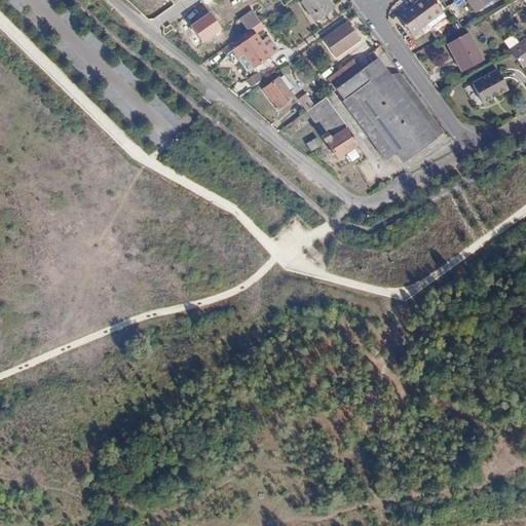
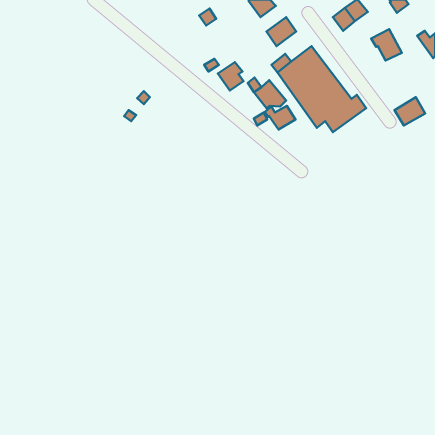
building: [190,11,222,42] -> none
building: [237,32,271,70] -> none
building: [473,73,510,107] -> [395,97,425,125]

